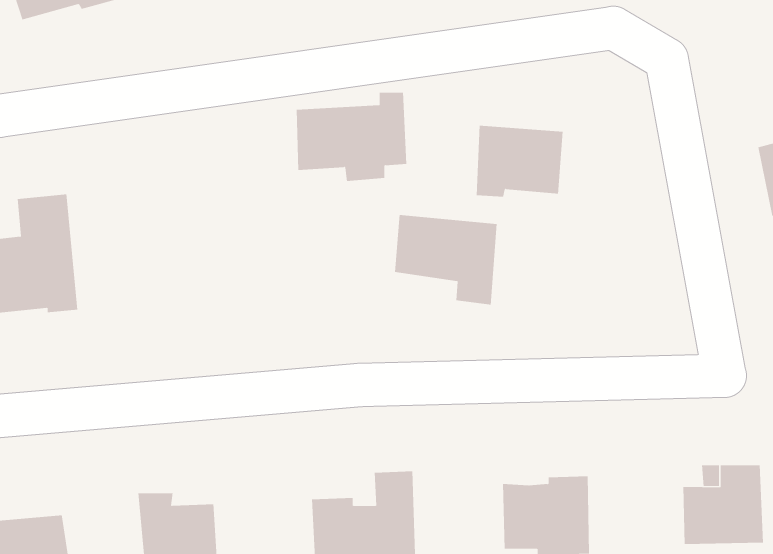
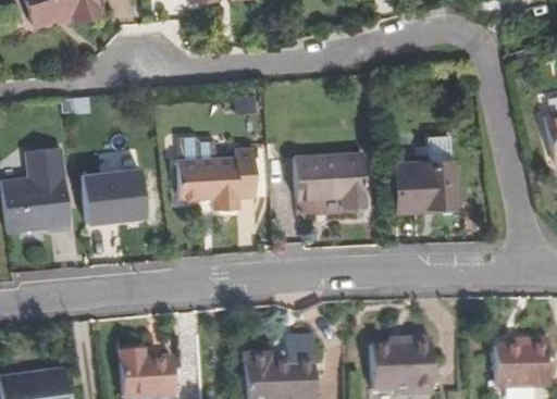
building: [296,92,407,181] -> [181,148,258,210]
building: [476,125,563,197] -> [395,155,456,205]
building: none -> [85,169,148,222]

